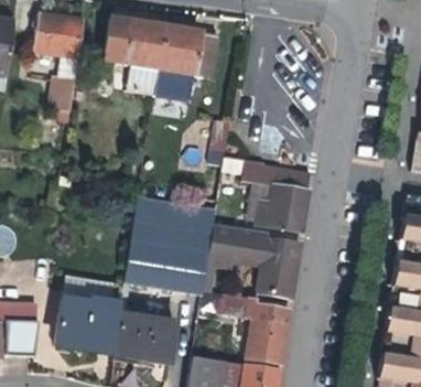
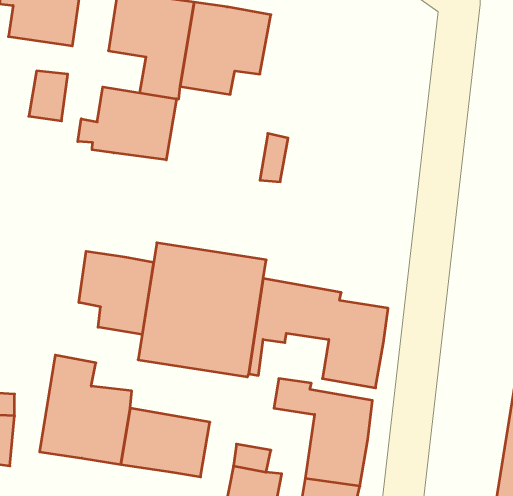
building: none -> [78,87,176,160]
building: [253,163,313,233] -> none
building: none -> [79,251,153,335]

